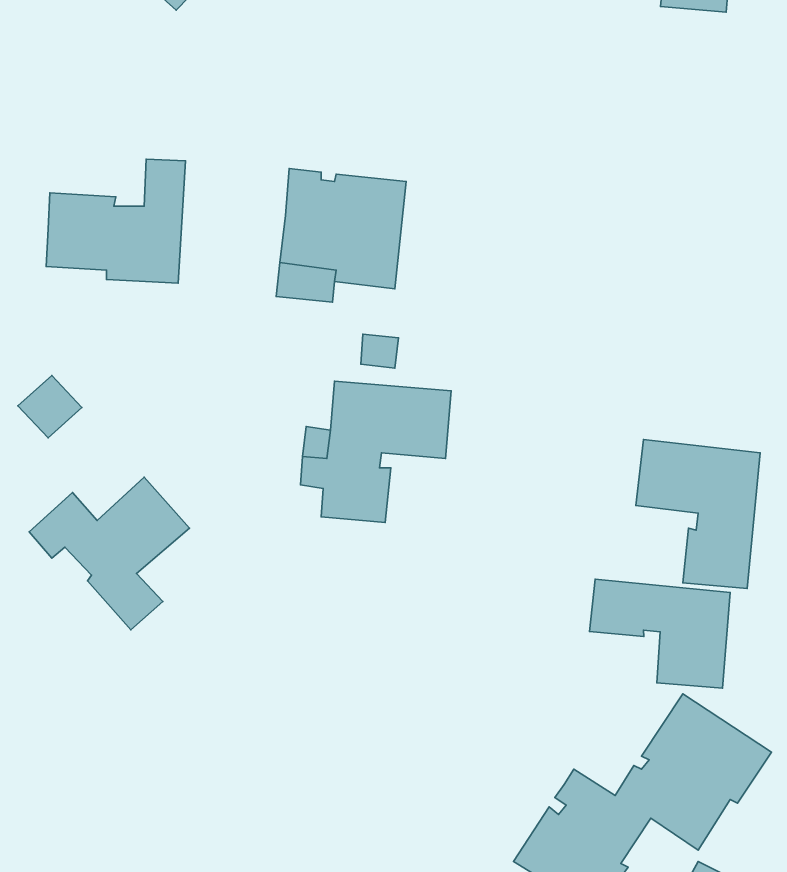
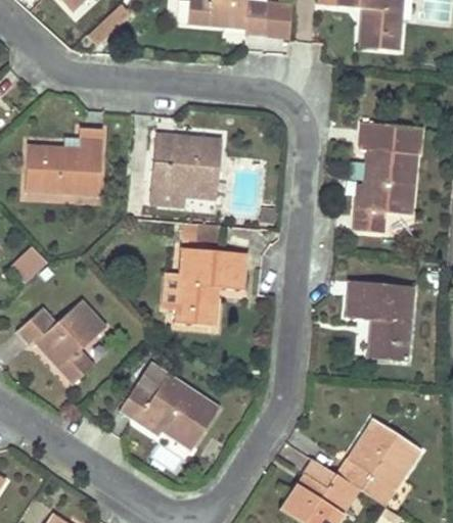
building: none -> [353,121,421,233]
building: [590,579,730,688] -> none
building: none -> [121,364,217,445]

